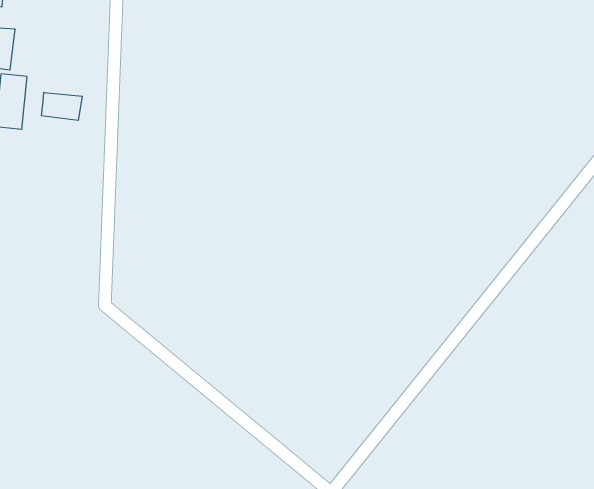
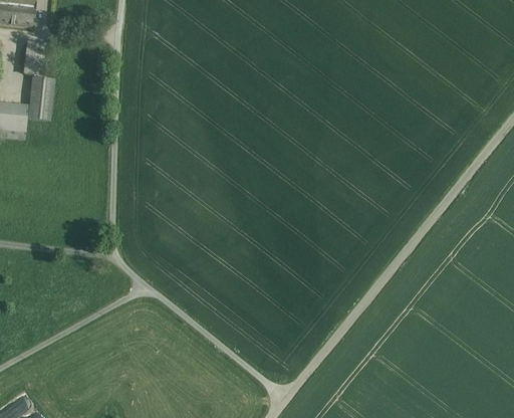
building: [41,92,82,120] -> none

